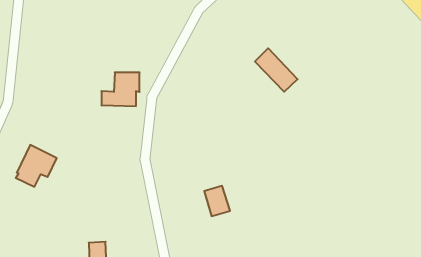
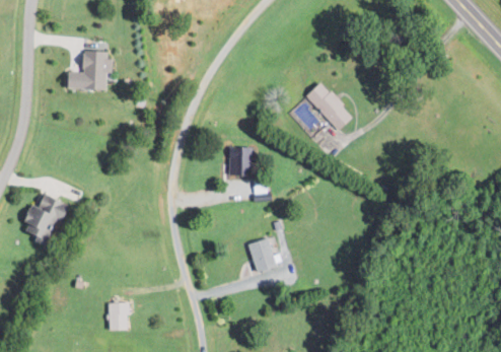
building: [101,72,140,106] -> [69,51,113,89]
building: none -> [223,147,246,175]

